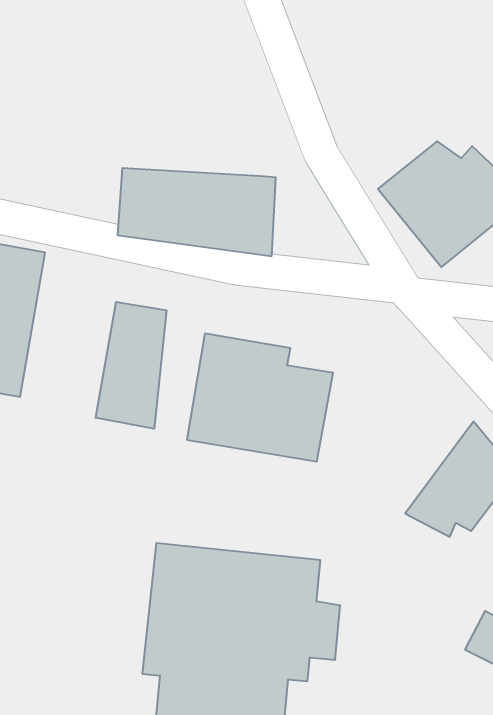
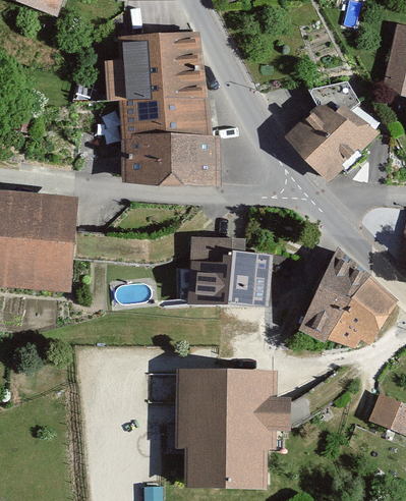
building: none -> [108,31,215,135]
building: [96,302,166,429] -> none
building: none -> [291,247,361,343]

